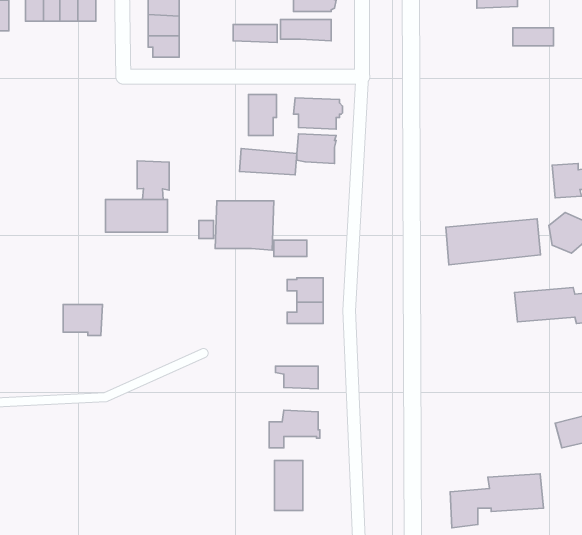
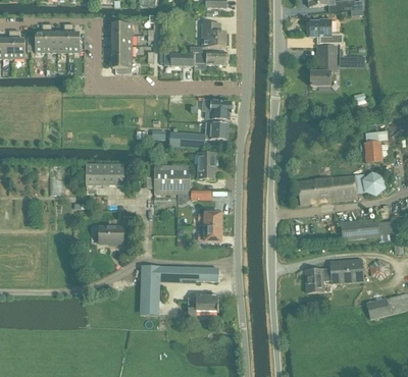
building: none -> [310,46,336,88]
building: [249,95,276,135] -> [198,153,215,178]
building: [137,161,169,199] -> none
building: [63,305,103,336] -> [99,226,123,246]
building: none -> [140,265,160,301]
building: [275,460,303,510] -> none
building: [450,474,543,528] -> [305,259,363,292]

